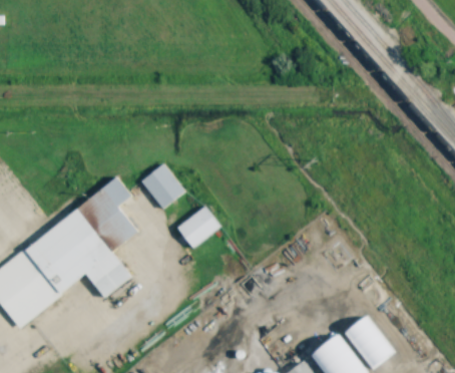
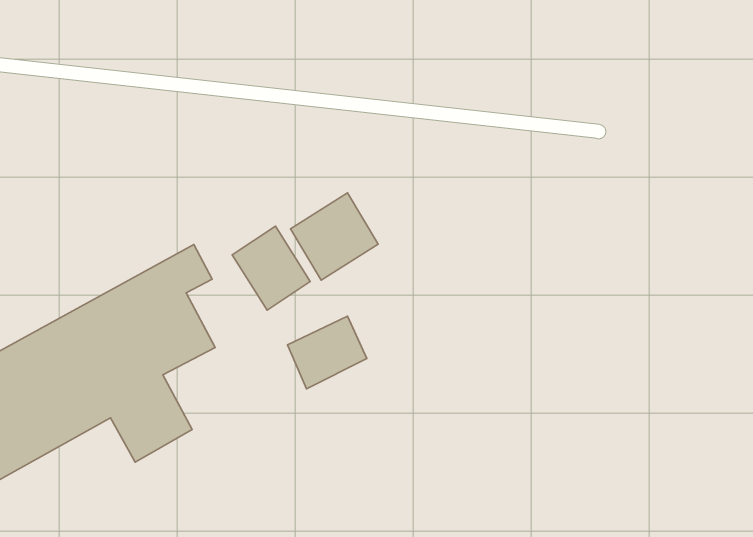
building: none -> [290,193,378,280]

